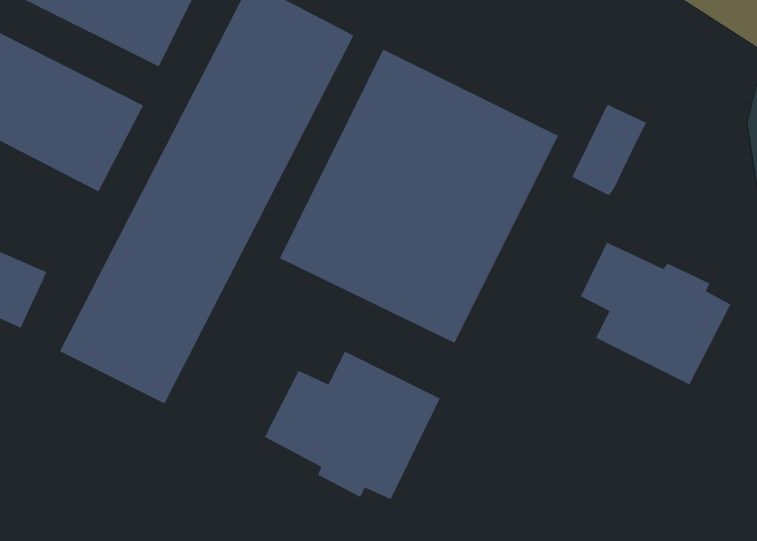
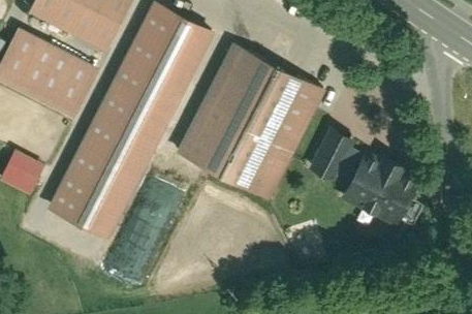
building: [571,103,647,196] -> [312,128,353,179]
building: [264,350,441,500] -> none

